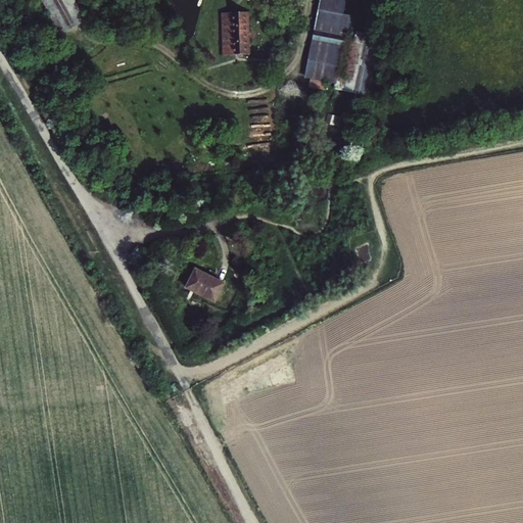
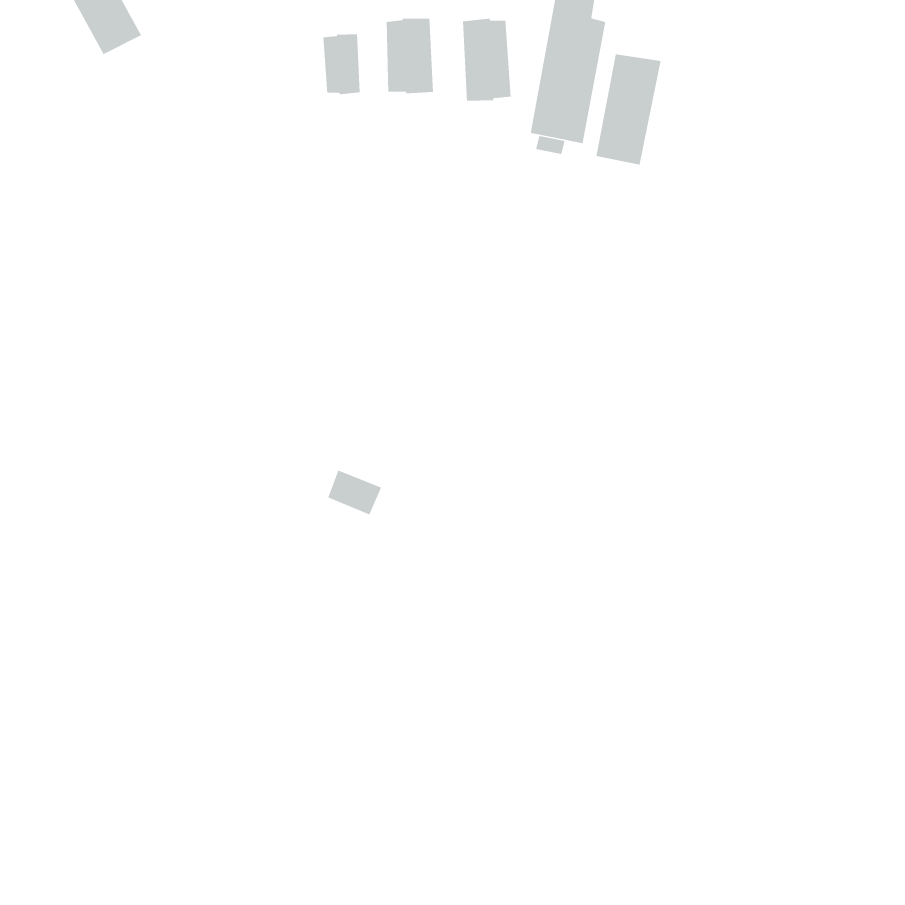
building: none -> [462,18,512,102]
building: none -> [323,34,361,95]

